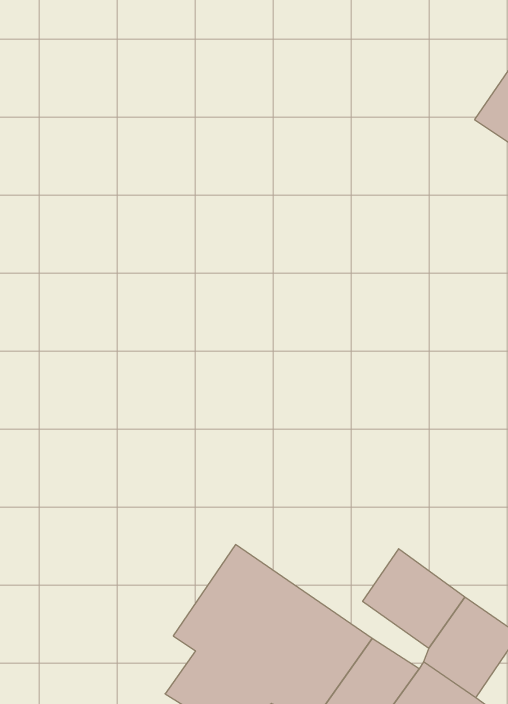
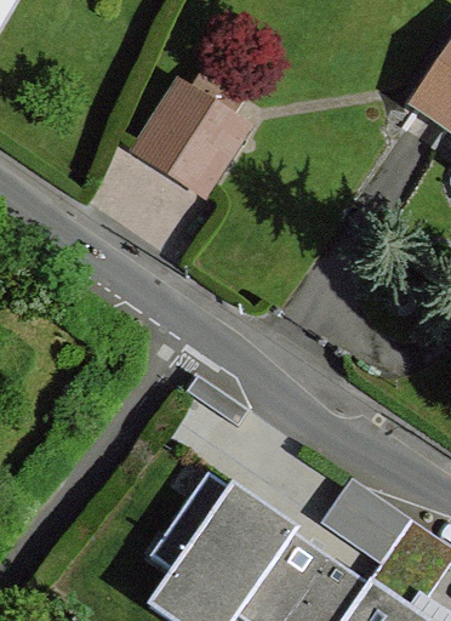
building: none -> [141,87,247,196]

